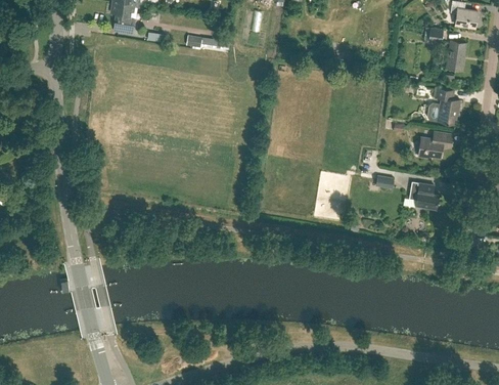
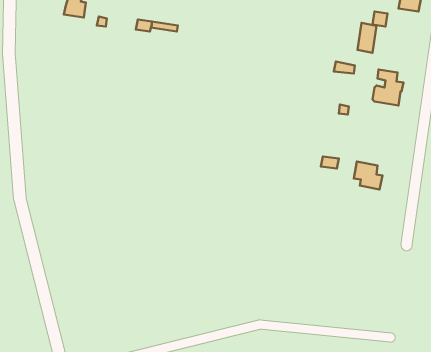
building: [447,40,466,71] -> [358,23,377,53]
building: [418,131,453,159] -> none

